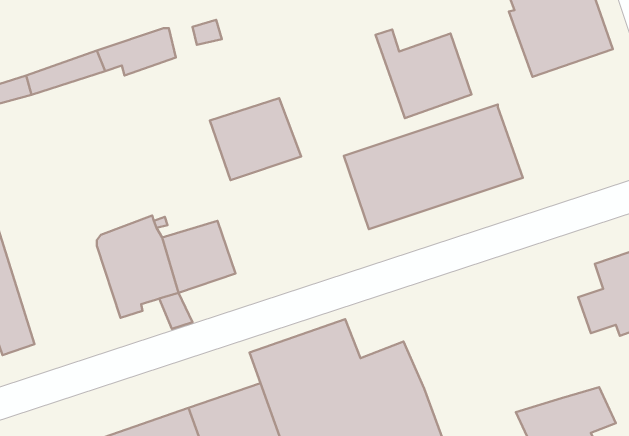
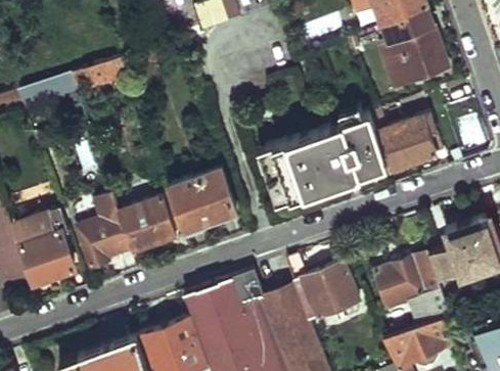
building: [376,29,471,118] -> [368,109,439,175]
building: [210,98,301,180] -> [168,170,235,230]
building: none -> [15,211,74,286]
building: none -> [371,251,450,328]
building: none -> [288,256,359,321]

